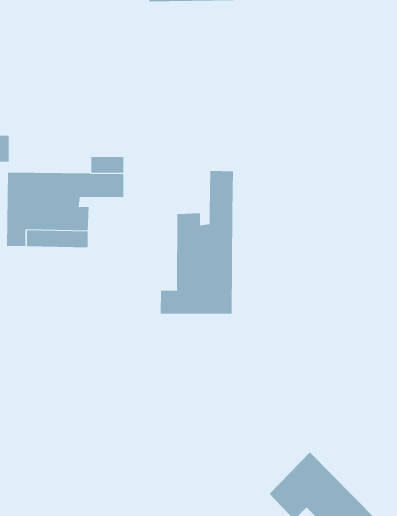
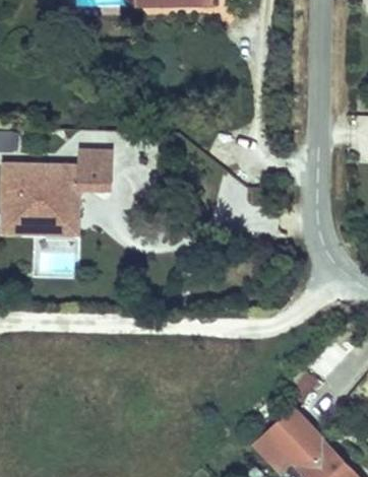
building: [160,170,234,315] -> none

